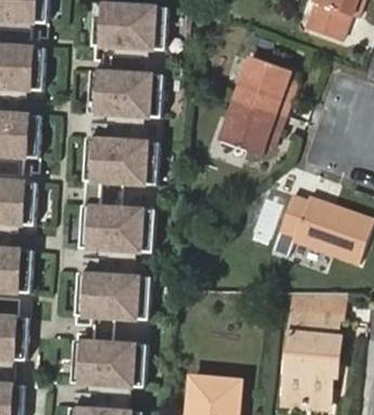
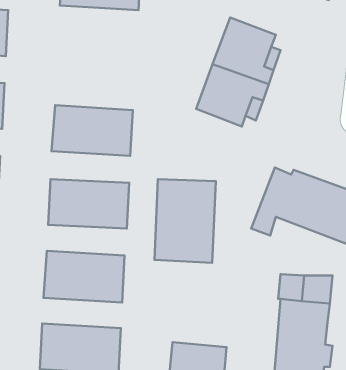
building: [87,70,162,116] -> none
building: none -> [154,179,216,263]

